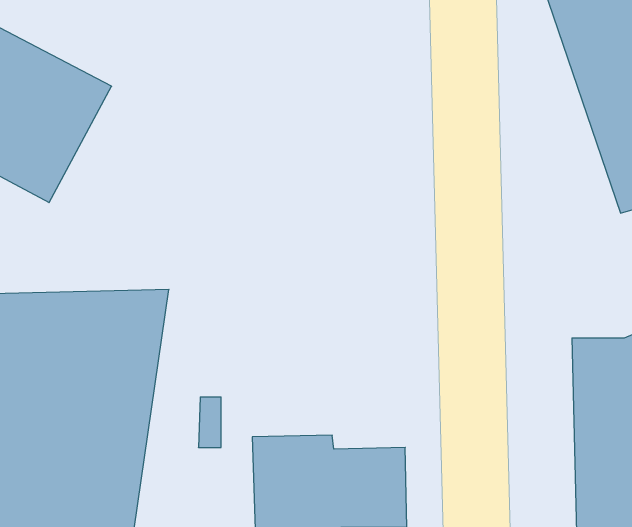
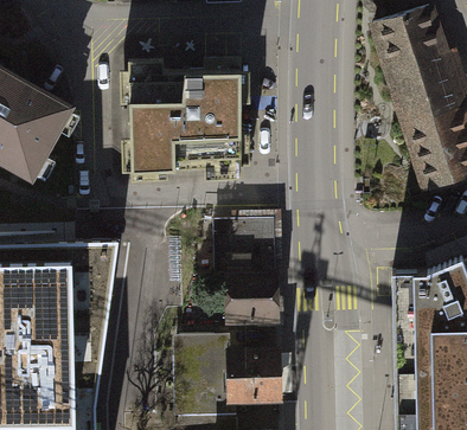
building: none -> [127,69,239,167]
building: none -> [212,219,279,326]

